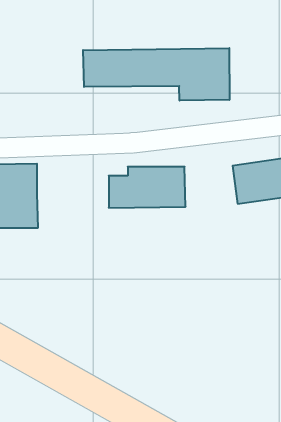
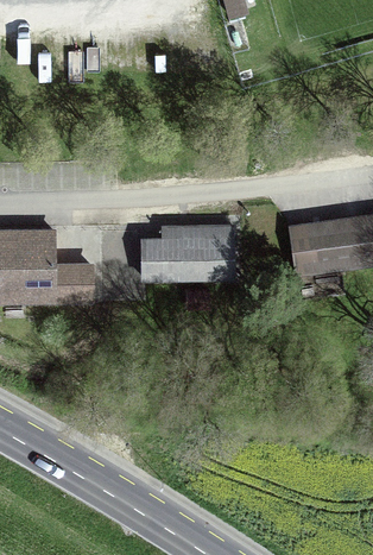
building: [83,48,229,101] -> none
building: none -> [56,261,94,303]

